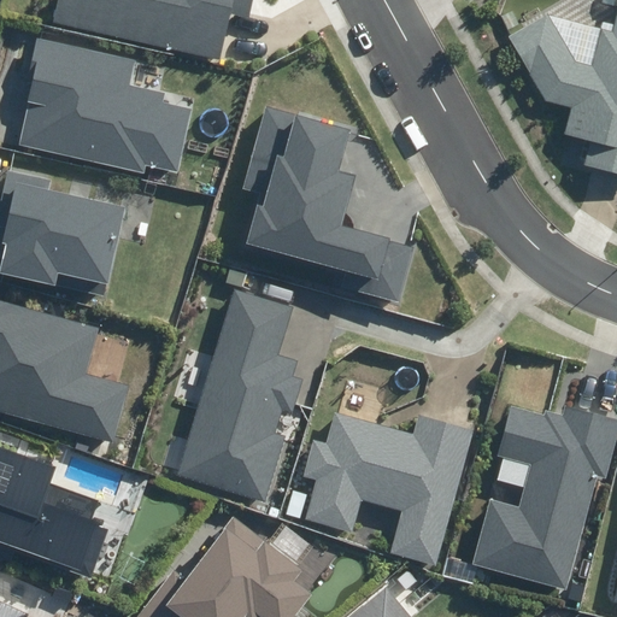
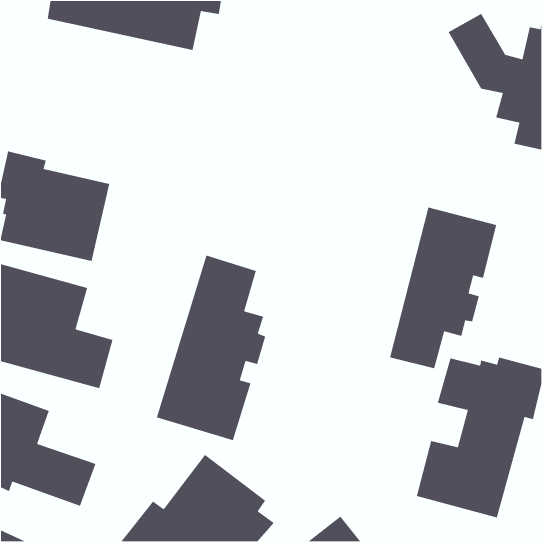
building: [18,37,193,175] -> none
building: [243,106,413,302] -> none
building: none -> [389,207,497,369]
building: [304,412,474,566] -> none

